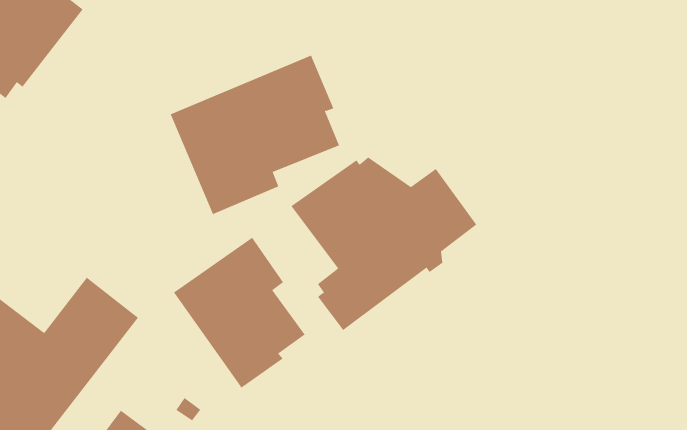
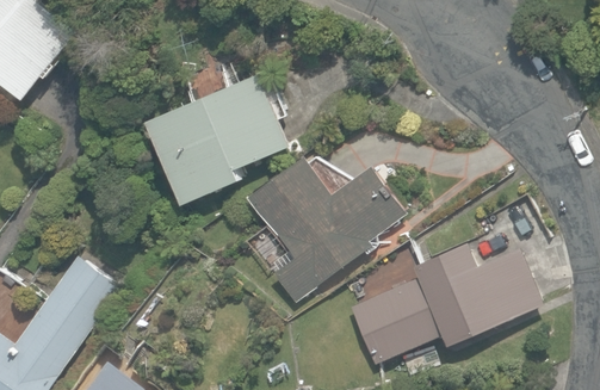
building: [173,237,306,389] -> none
building: none -> [348,241,543,364]

